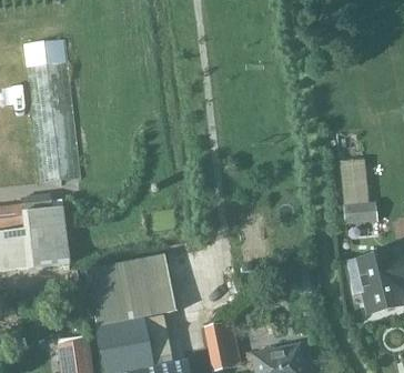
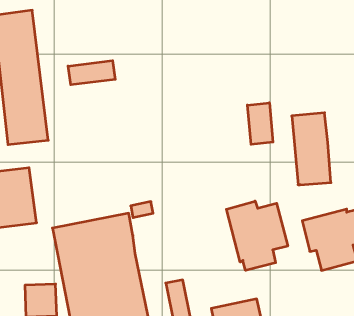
building: none -> [68,61,115,85]
building: none -> [247,103,273,144]
building: none -> [226,201,288,270]

